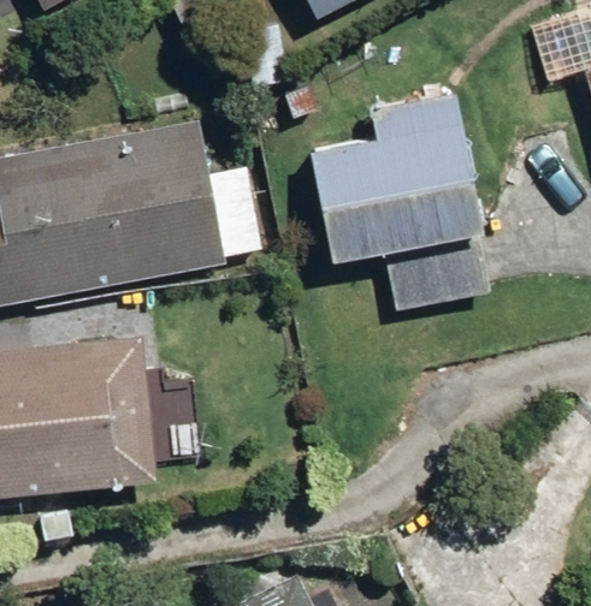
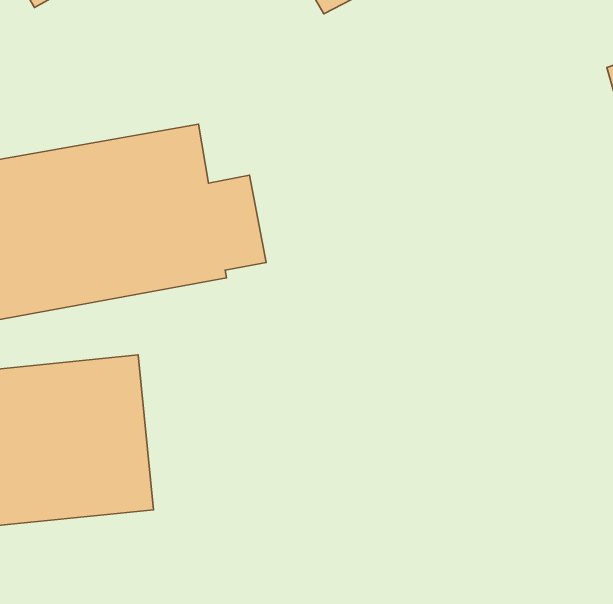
building: [308,93,491,311] -> none

